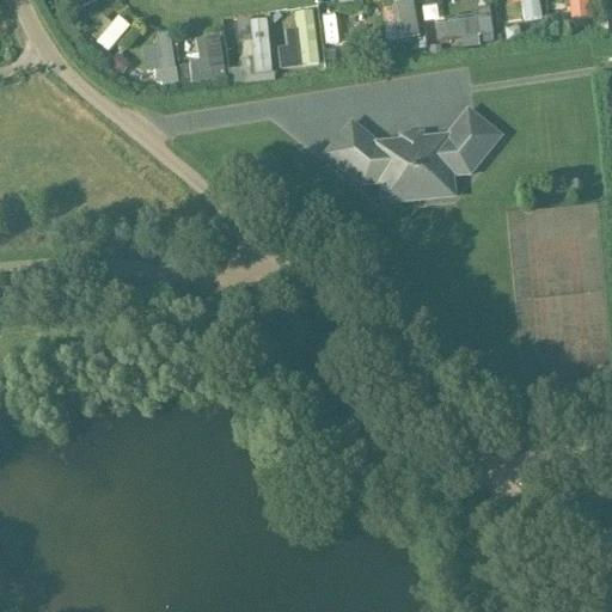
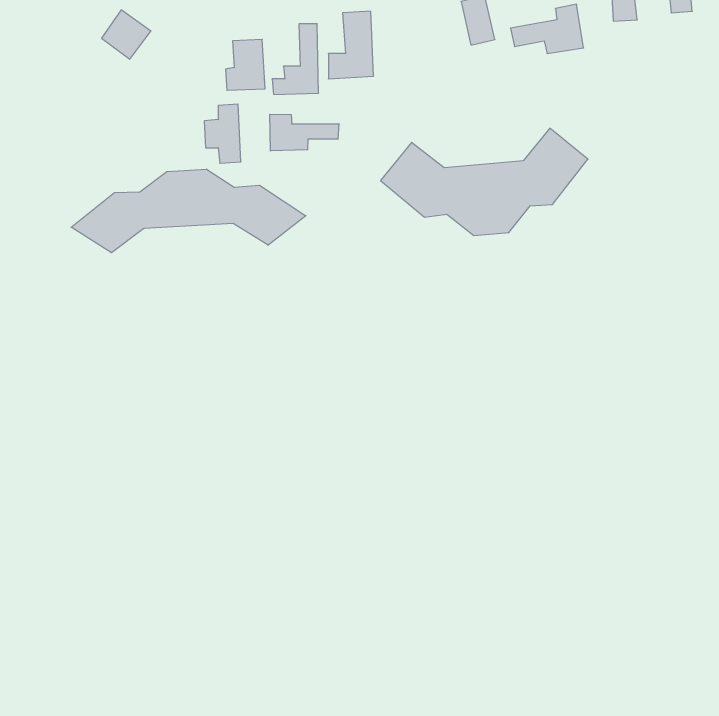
building: [145,31,176,81] -> [204,104,241,163]
building: none -> [270,114,339,151]
building: none -> [71,169,306,253]

